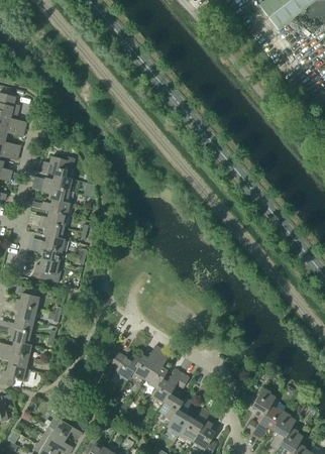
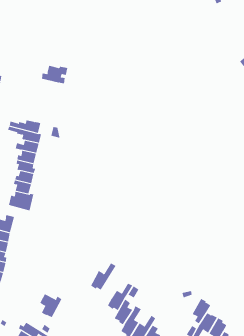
building: [42,155,75,178] -> [41,65,68,84]
building: [144,349,170,387] -> none
building: [112,351,139,380] -> [39,293,62,318]

